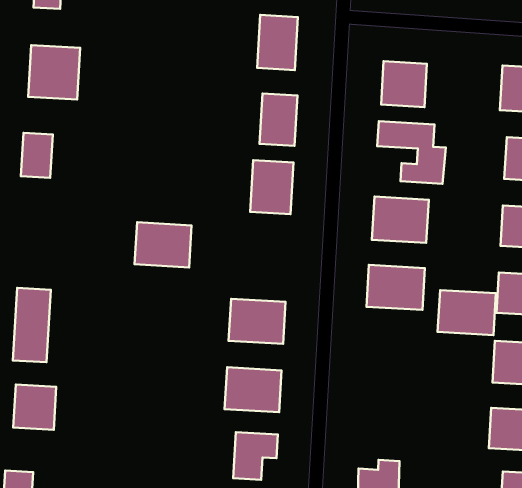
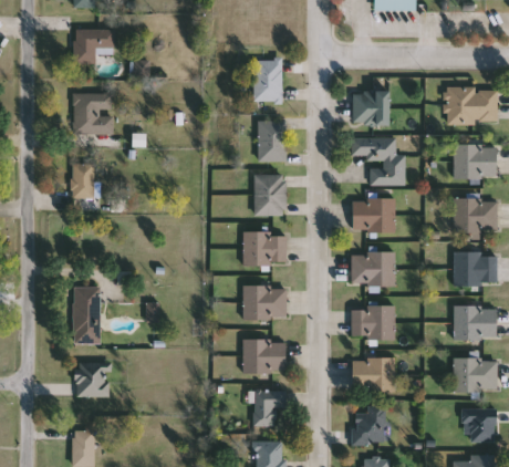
building: [135,222,192,267] -> [242,232,285,266]
building: [438,290,496,335] -> [350,307,394,340]
building: none -> [351,359,394,395]

